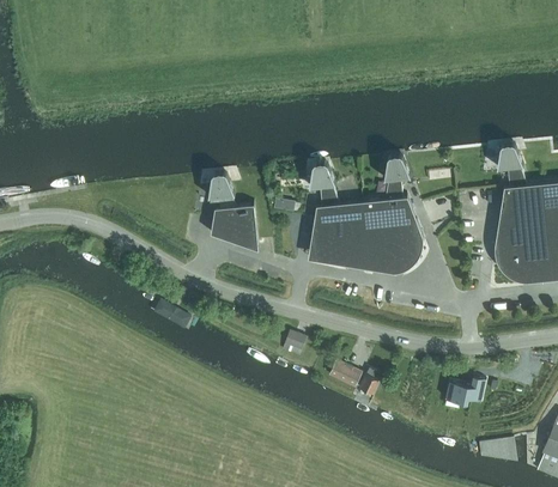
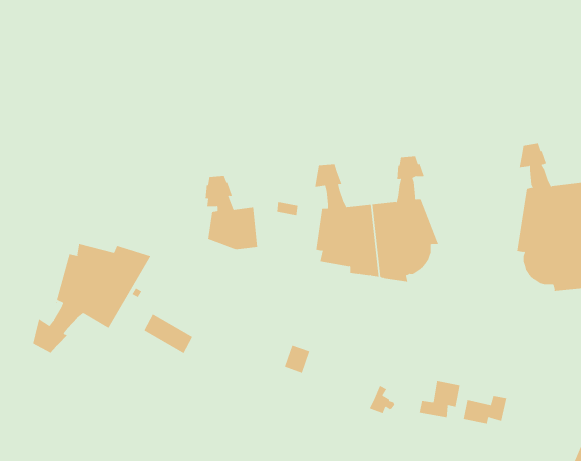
building: none -> [33,243,151,353]
building: [329,360,363,389] -> none
building: none -> [419,380,460,418]

